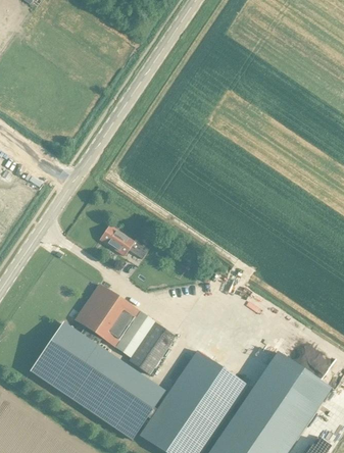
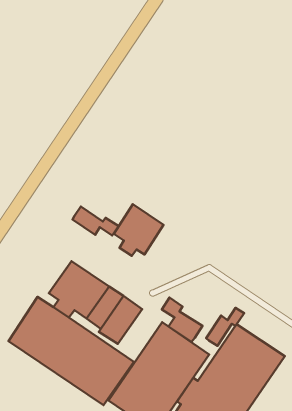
building: none -> [114,204,163,256]
building: none -> [162,298,202,342]
building: none -> [206,308,244,346]

